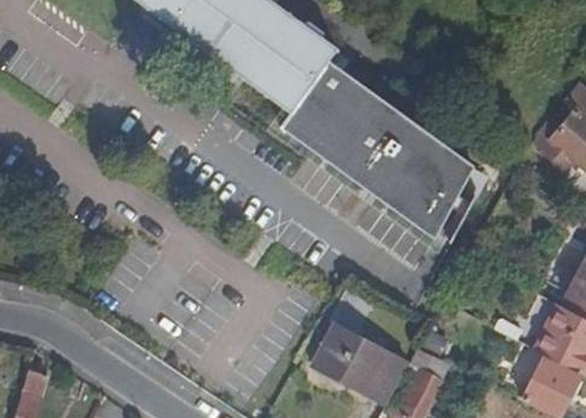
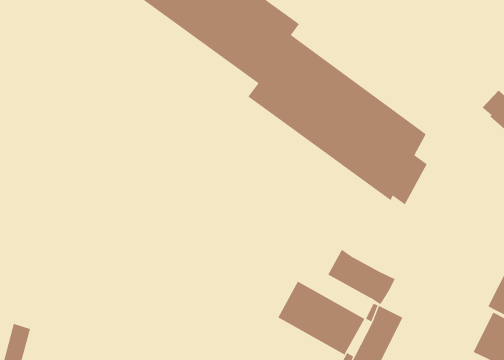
building: none -> [327,249,395,305]

